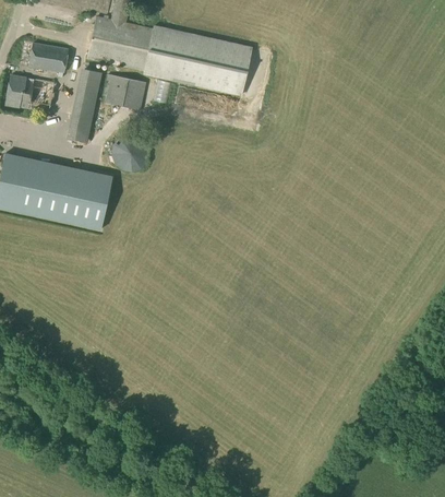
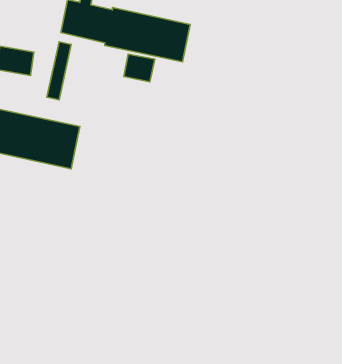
building: [28,43,69,72] -> none
building: [106,74,145,109] -> [124,54,155,82]
building: [111,135,148,171] -> none

